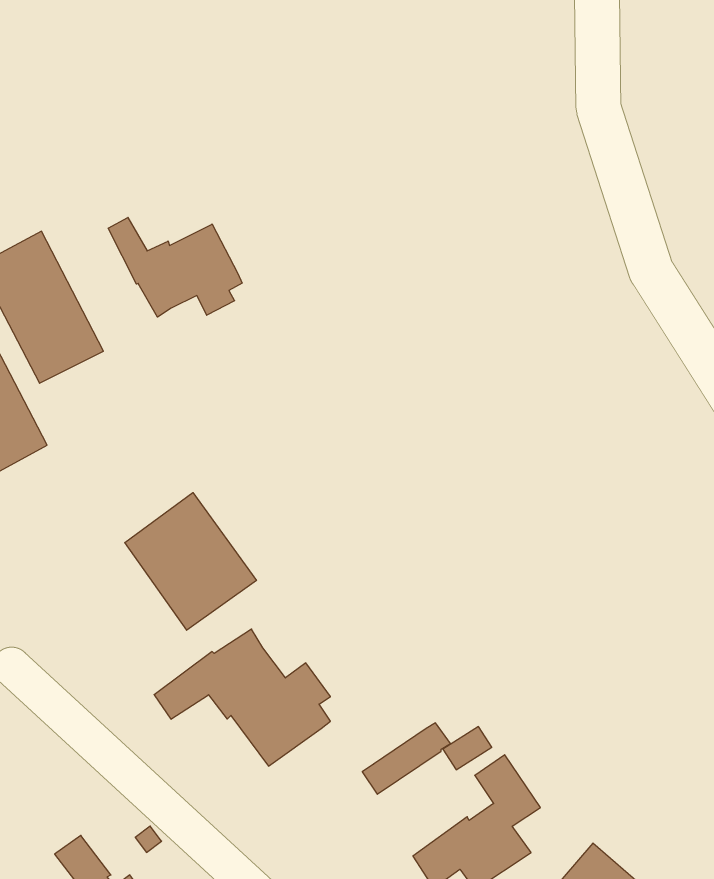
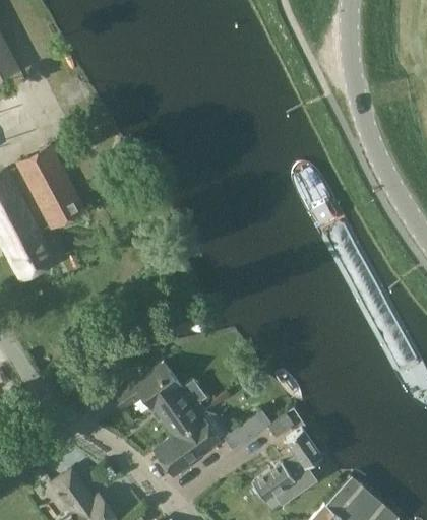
building: [108,217,242,317] -> none
building: [125,493,256,630] -> none
building: none -> [154,415,222,478]

